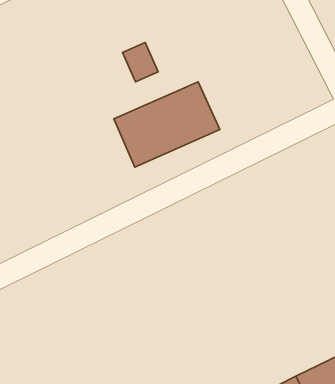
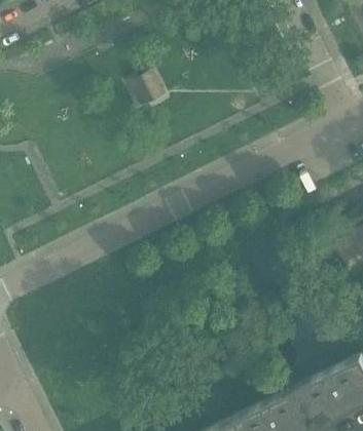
building: [114,82,220,167] -> none

